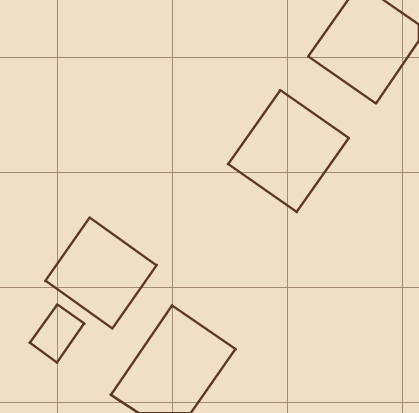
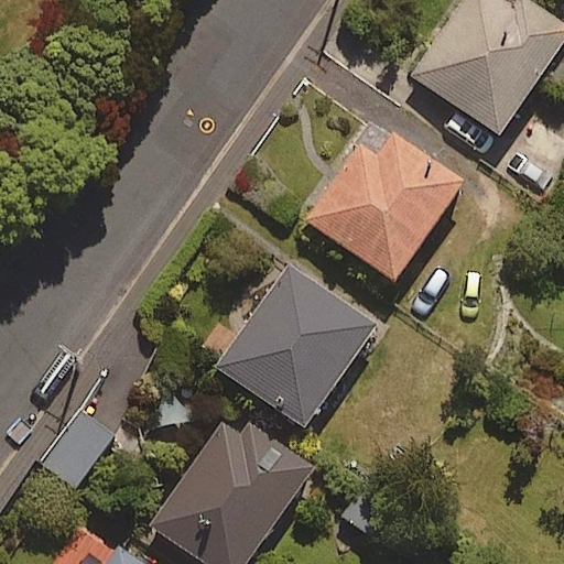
building: none -> [217,265,376,429]
building: [45,218,157,328] -> none

